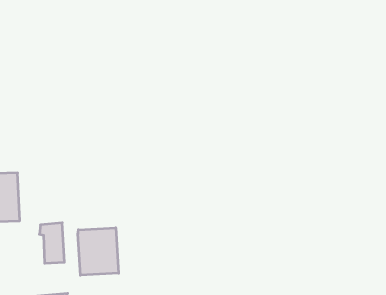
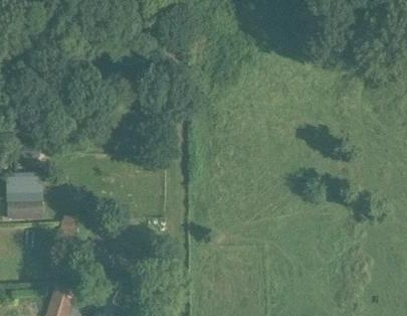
building: [78,228,119,275] -> none

